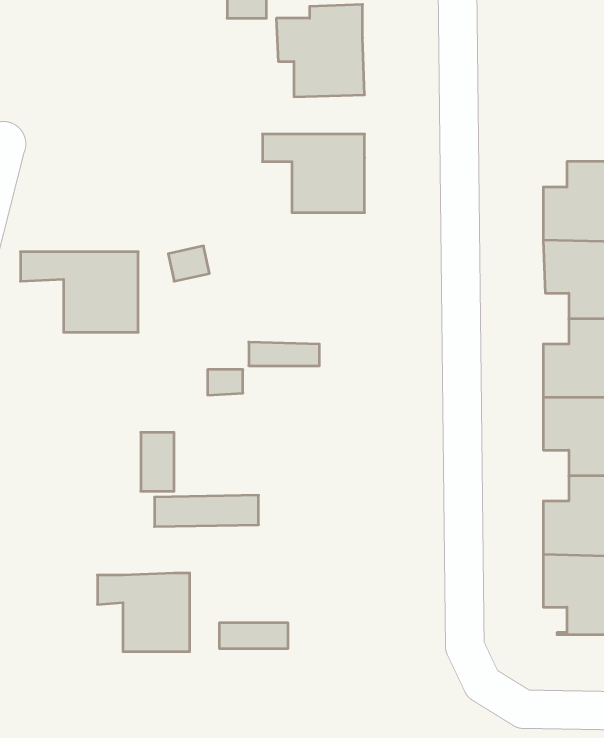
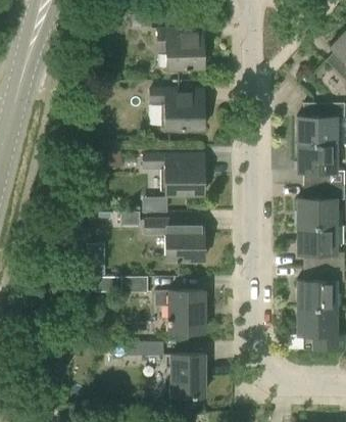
building: [20,252,138,332] -> [142,153,203,195]
building: none -> [145,220,203,261]
building: [97,573,190,652] -> [155,290,203,331]
building: none -> [170,355,204,395]

